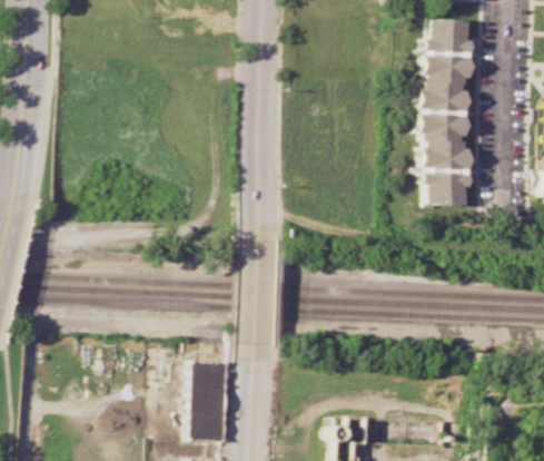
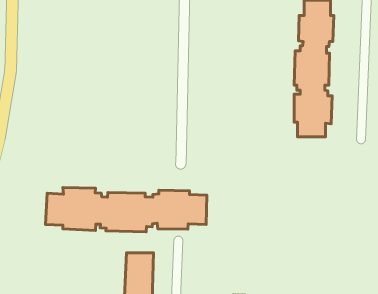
building: none -> [46,188,207,232]

